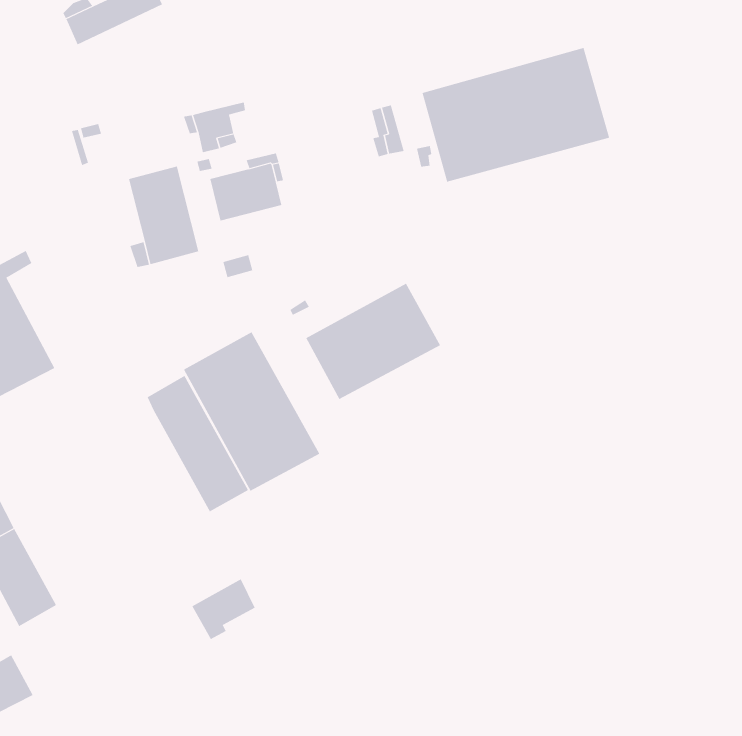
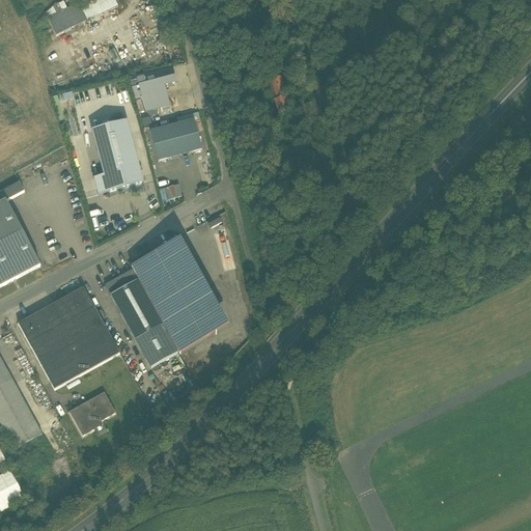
building: [422,47,610,182] -> none
building: [306,283,441,400] -> none
building: none -> [17,284,119,387]
building: [192,579,256,640] -> [68,390,114,434]

